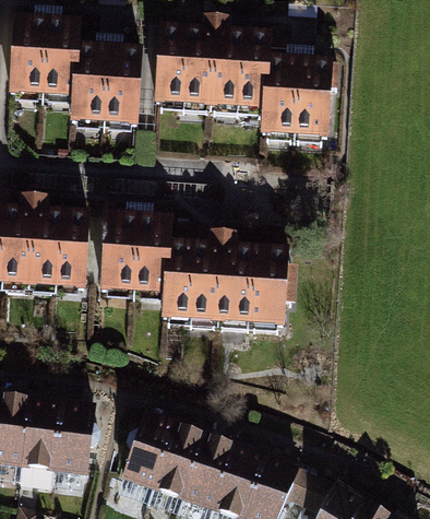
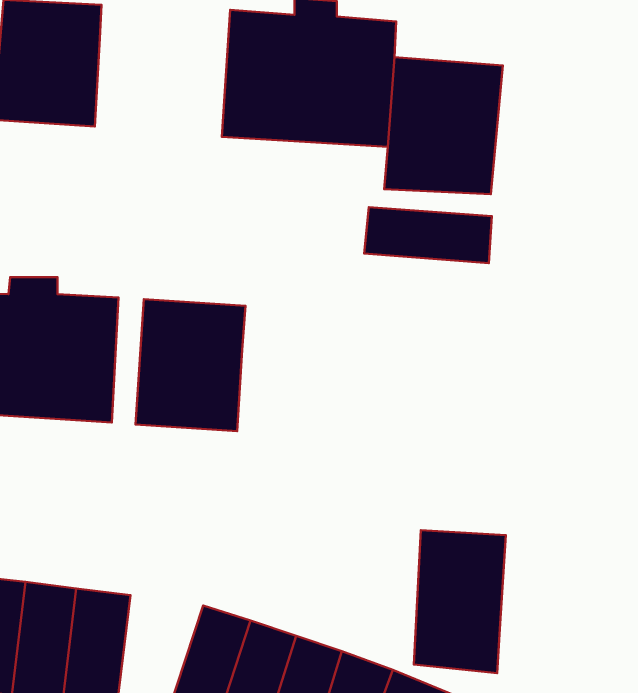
building: [71,43,139,125] -> none
building: none -> [364,207,492,263]
building: [162,229,288,334] -> none
building: none -> [414,530,506,673]

